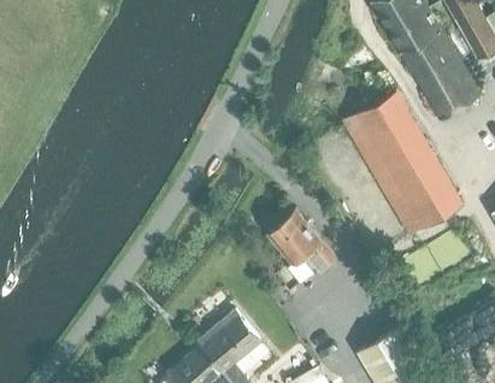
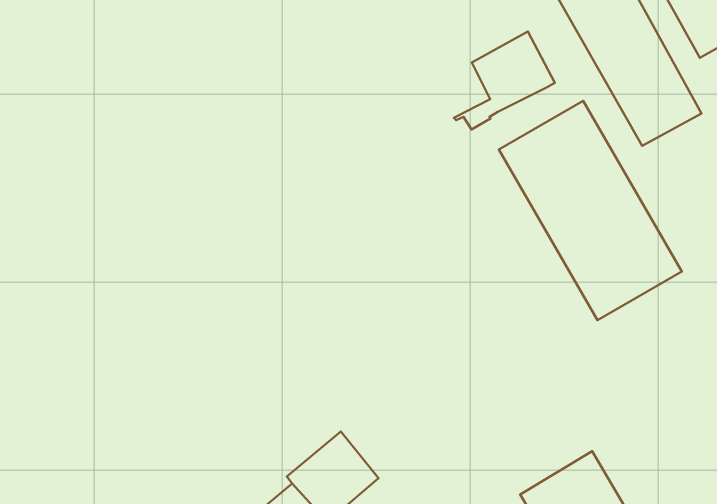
building: none -> [454,31,555,129]
building: [269,212,335,275] -> none

